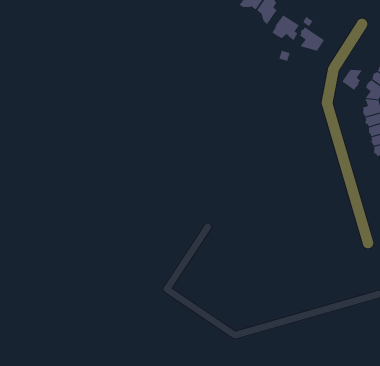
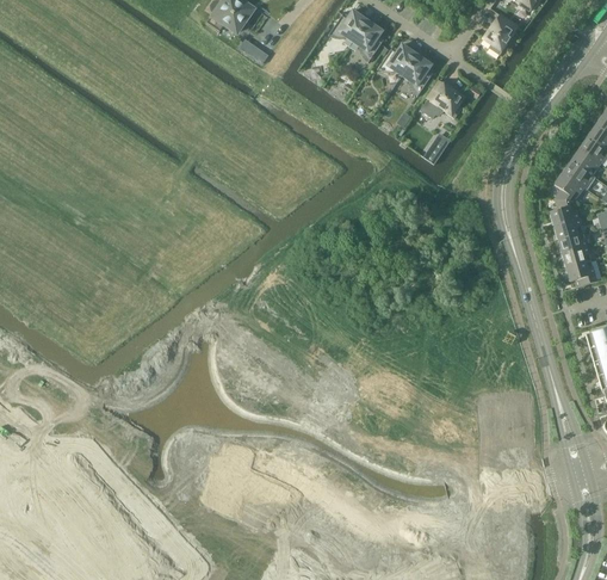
building: [299,27,325,51] -> none
building: [342,69,363,91] -> none

